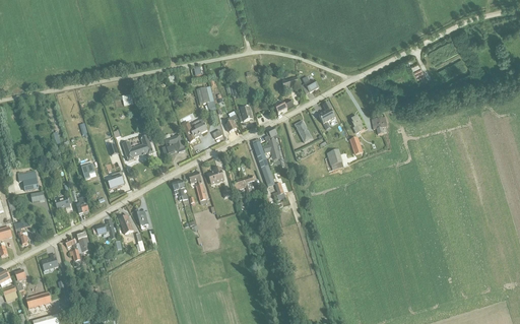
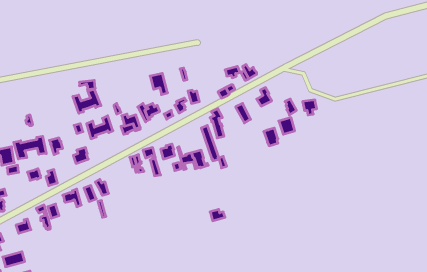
building: none -> [73,89,101,113]
building: none -> [14,136,46,159]

